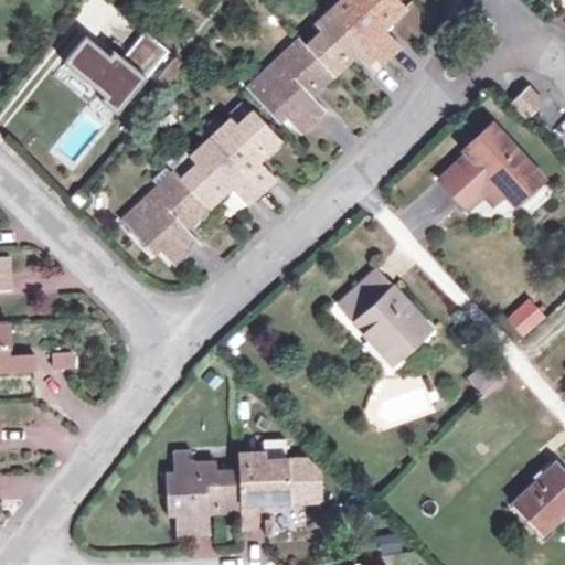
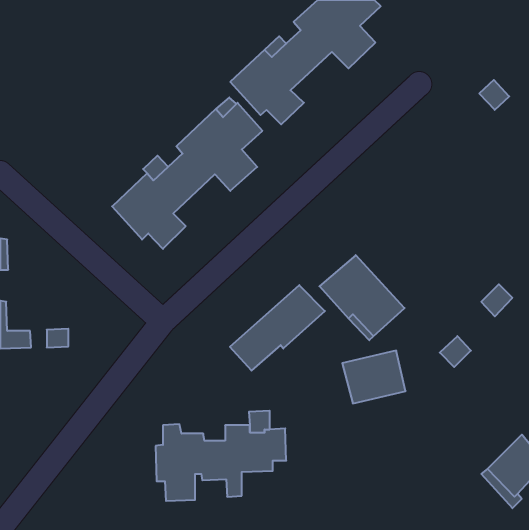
building: [64,32,169,114] -> none
building: [446,126,542,204] -> none
building: none -> [230,285,325,371]

